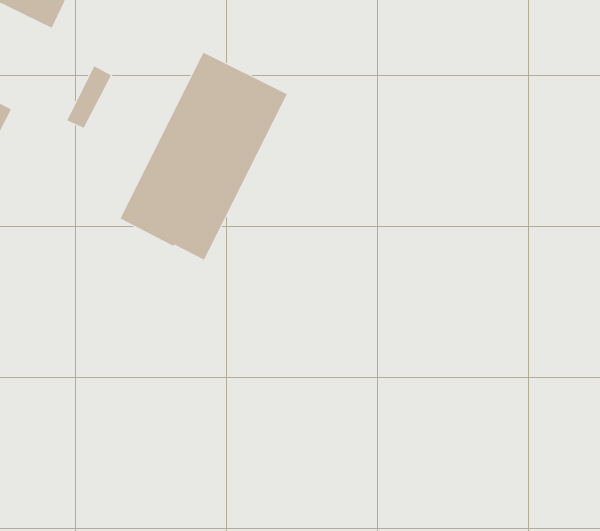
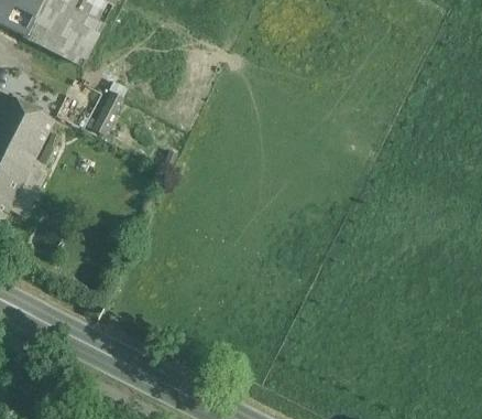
building: [120,52,288,261] -> none

